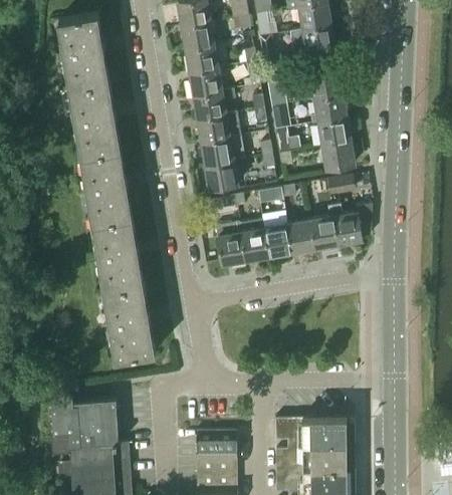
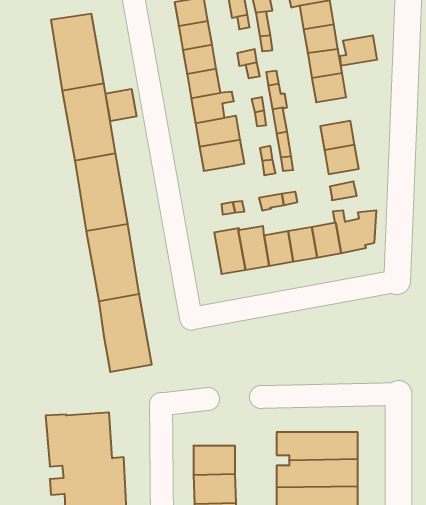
building: none -> [106,89,136,121]
building: [310,95,347,125] -> [340,35,377,66]
building: [205,162,237,190] -> none

